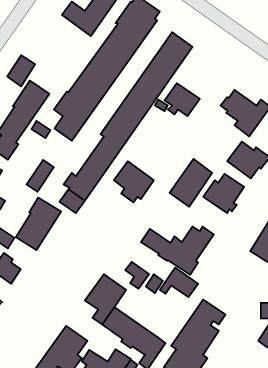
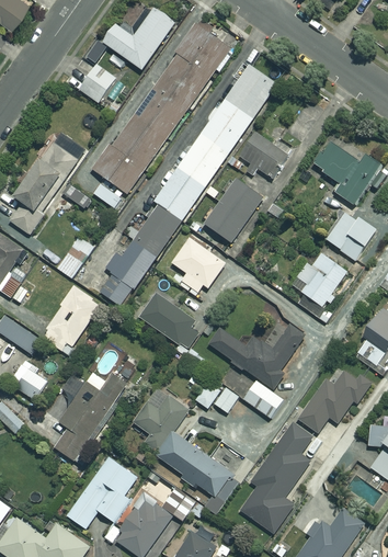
building: [7,55,35,86] -> [78,64,115,105]
building: [170,159,212,207] -> [205,178,262,241]
building: none -> [139,293,197,345]
building: none -> [297,370,373,432]
building: none -> [54,373,127,462]

